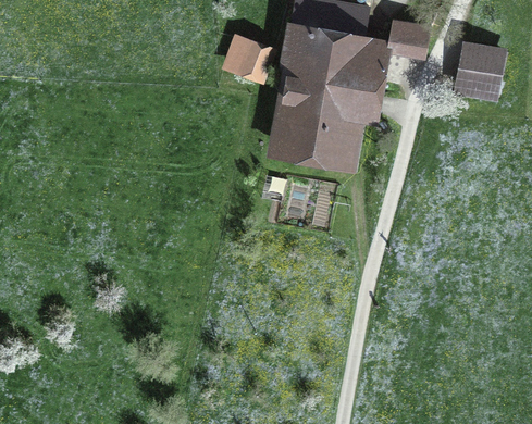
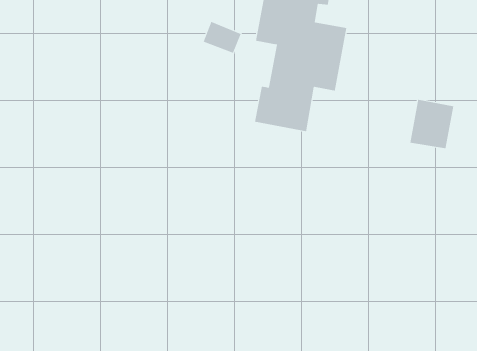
building: [387,22,428,53] -> none
building: [457,45,506,99] -> [410,99,454,149]

